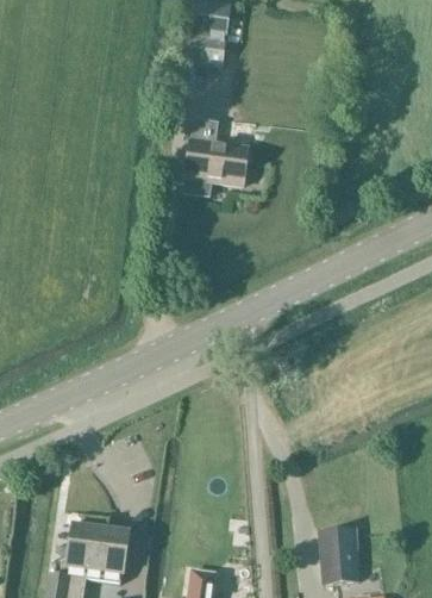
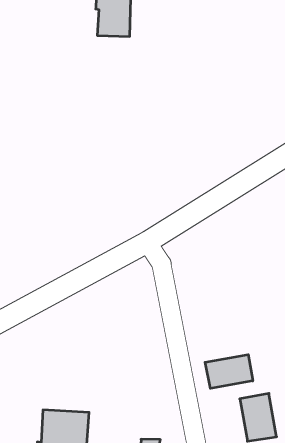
building: [184,118,249,195] -> none
building: none -> [205,355,253,388]

